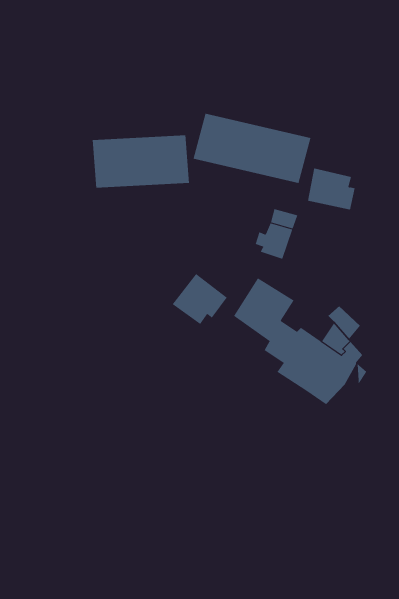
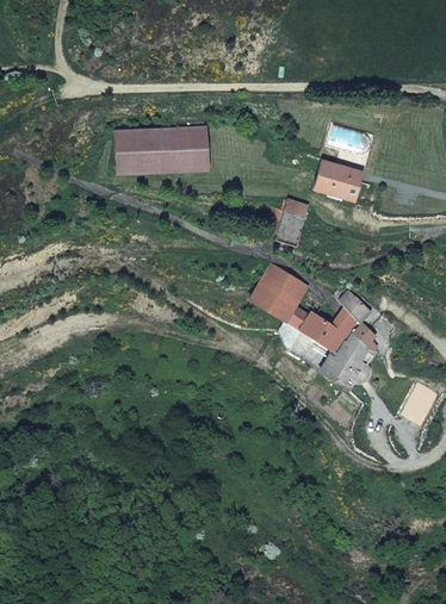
building: [193,113,311,184] -> none
building: [172,273,228,325] -> none

